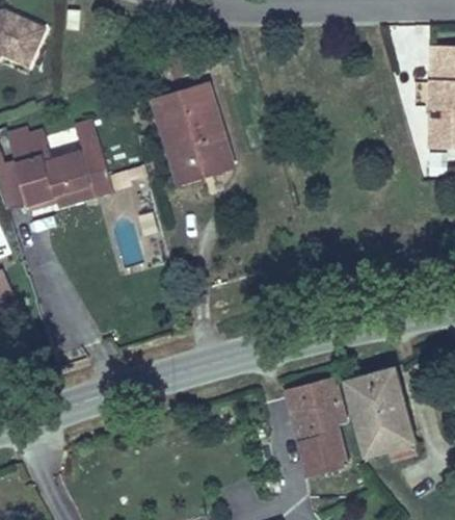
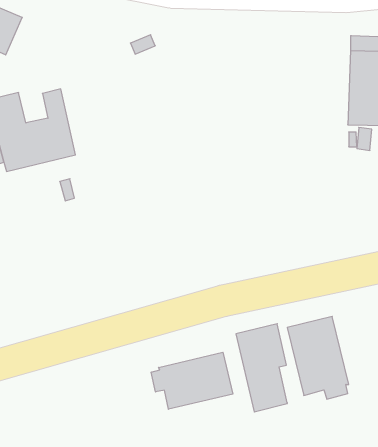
building: [153,77,232,181] -> none
building: none -> [151,352,233,409]

